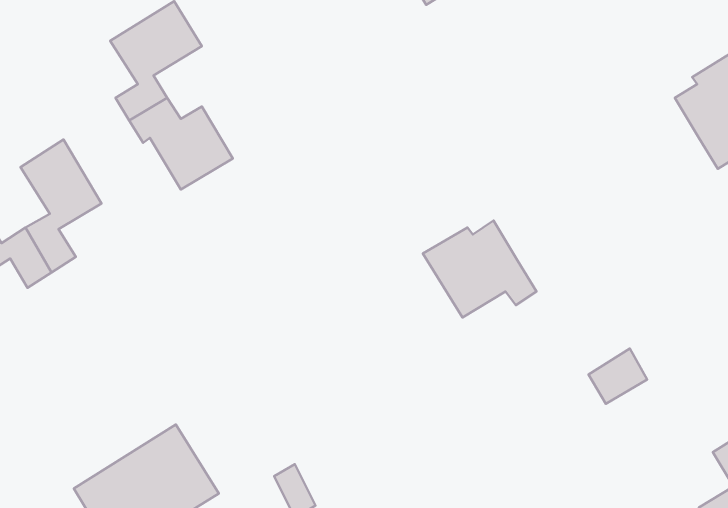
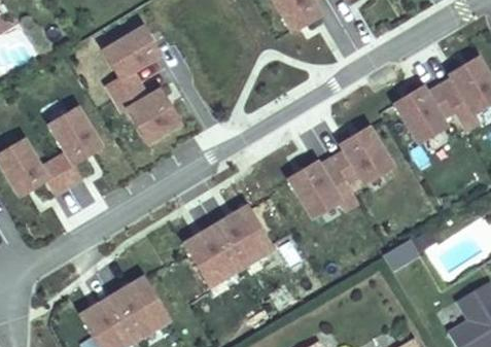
building: none -> [395,84,454,139]
building: none -> [331,127,390,181]
building: none -> [184,206,272,285]

